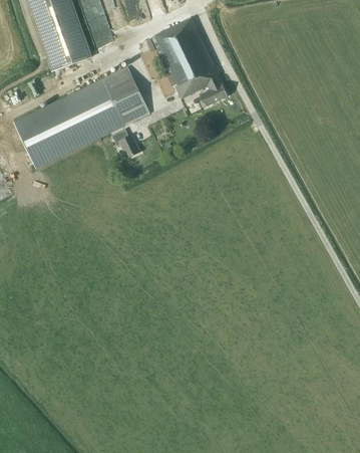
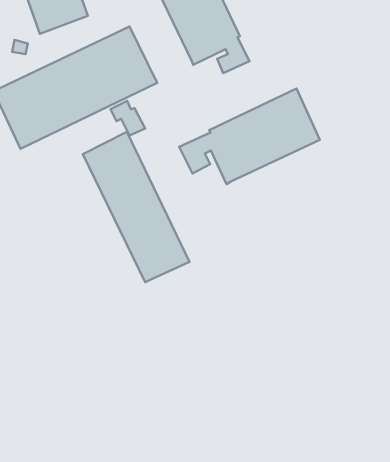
building: none -> [179,89,320,184]
building: none -> [83,132,189,282]

